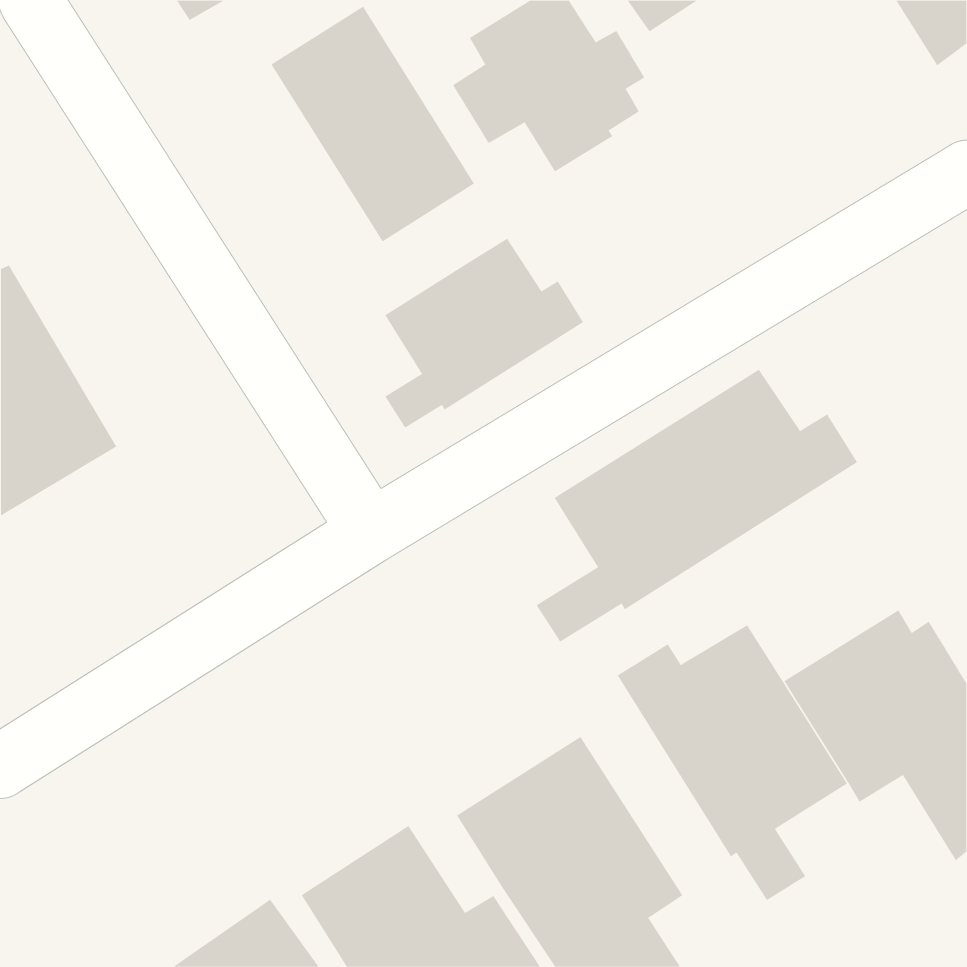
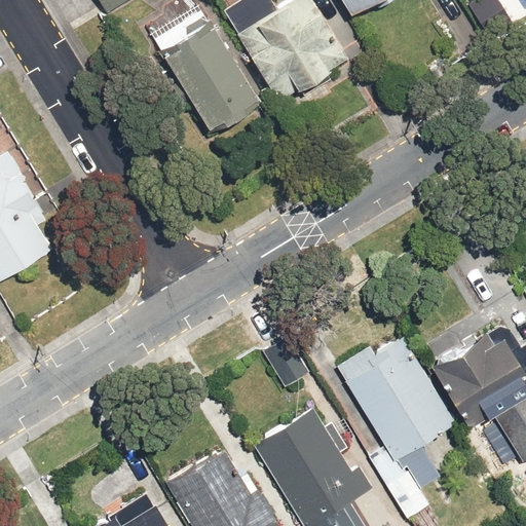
building: [384,238,584,428] -> none
building: [536,369,858,643] -> none

